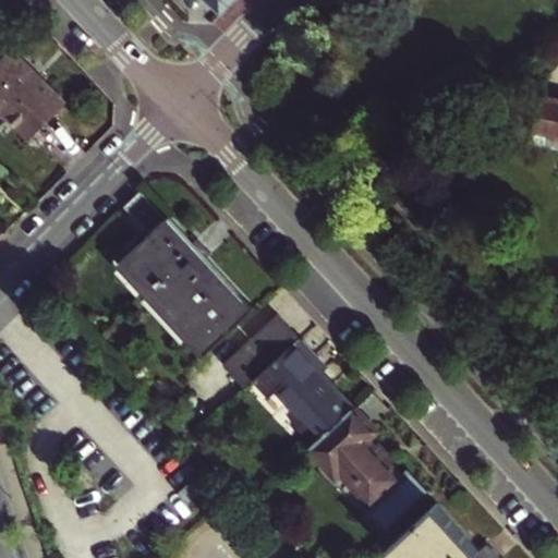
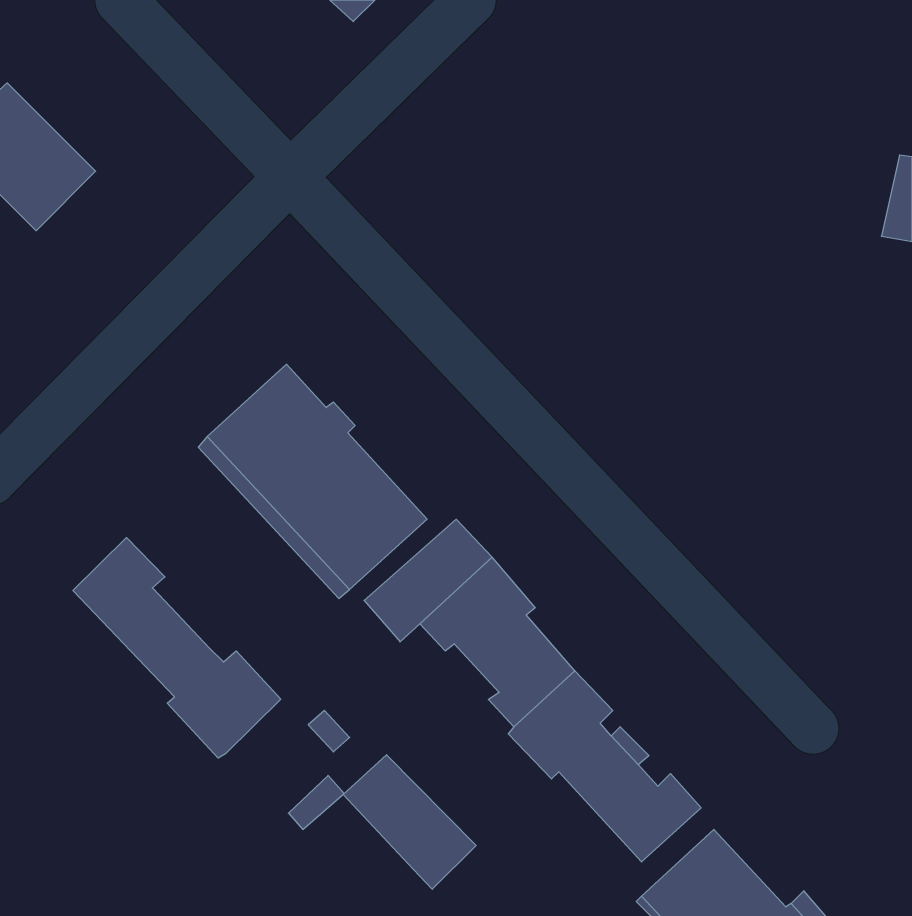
building: none -> [73,538,281,758]
building: none -> [343,755,476,889]

